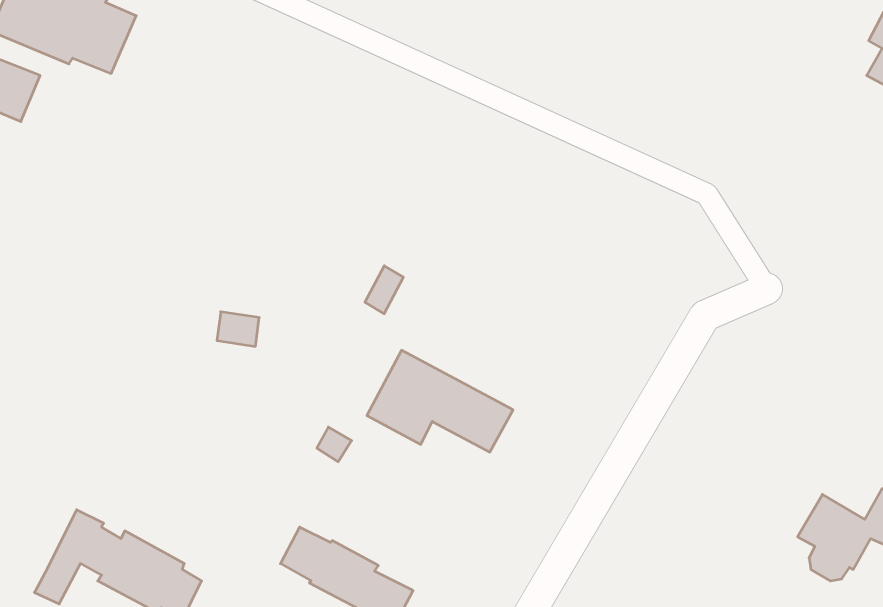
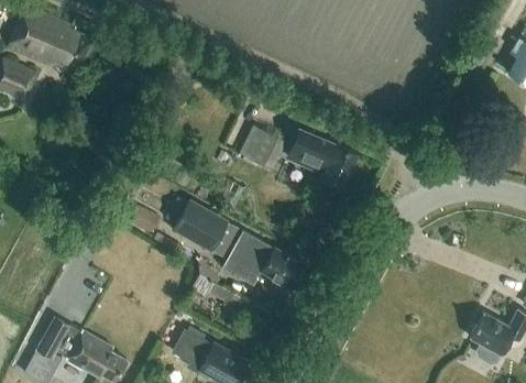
building: none -> [239,125,276,166]
building: none -> [292,129,357,185]
building: none -> [166,198,230,251]

